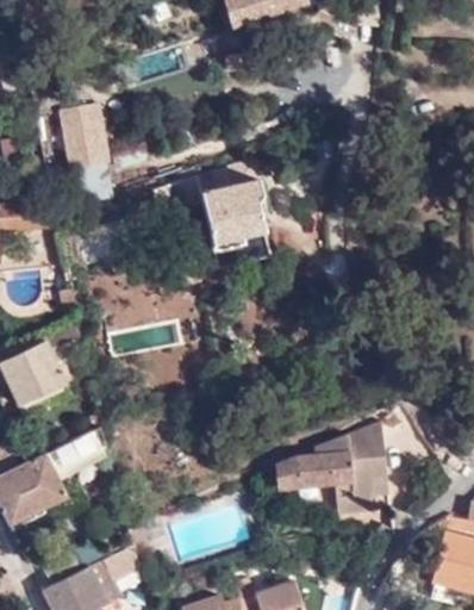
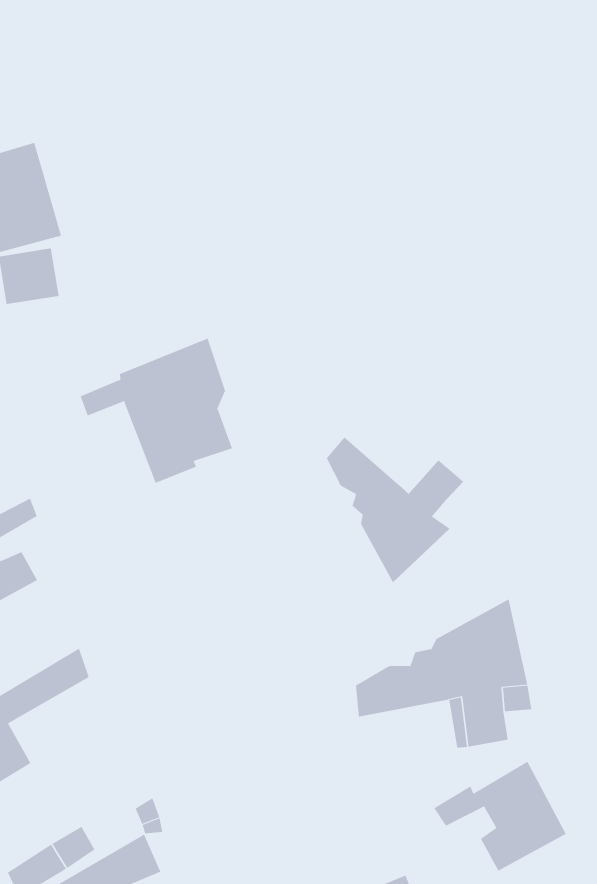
building: [170,158,264,248] -> [80,338,233,484]
building: none -> [326,436,464,583]
building: none -> [433,761,567,872]

